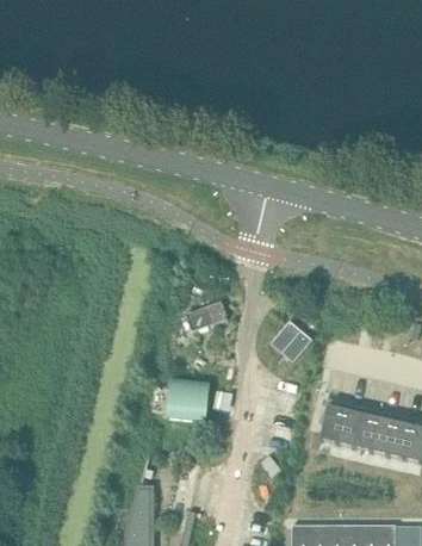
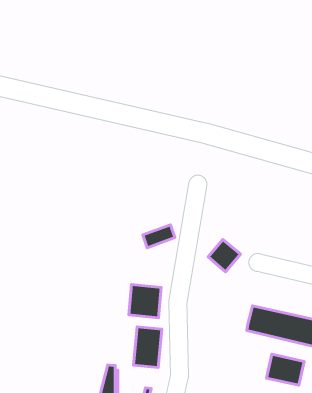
building: none -> [134,327,162,368]
building: none -> [266,354,304,385]

